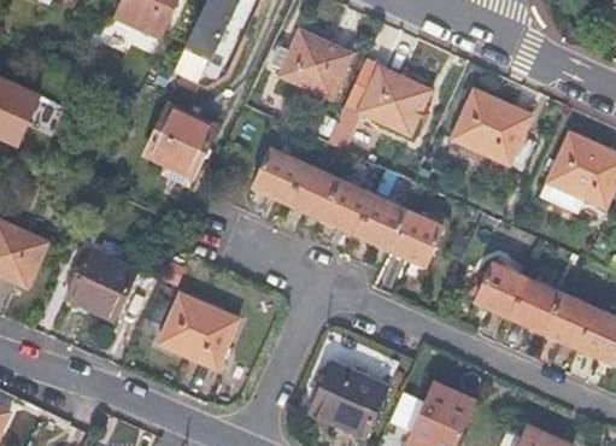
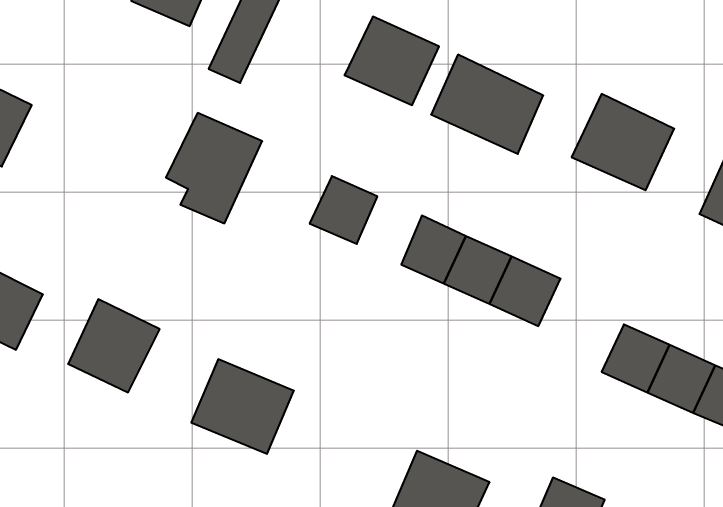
building: [287,168,336,219] -> none

